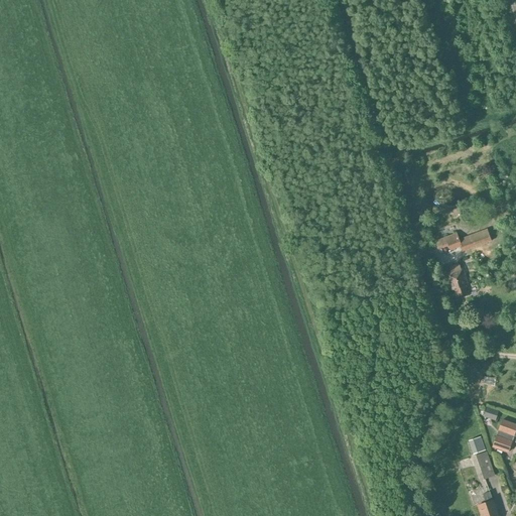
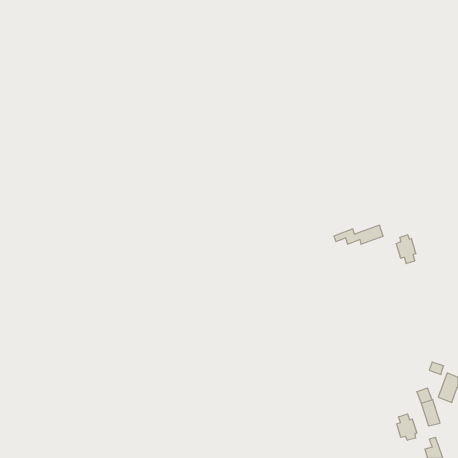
building: [435,229,491,250] -> [334,225,383,244]
building: none -> [397,414,417,440]

